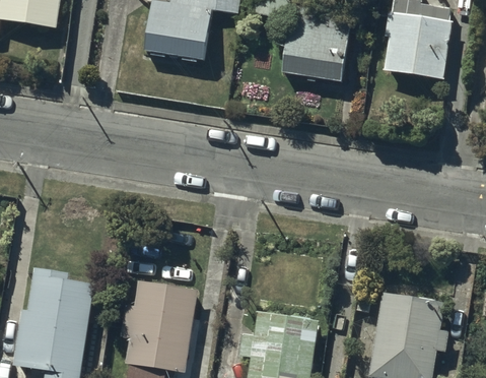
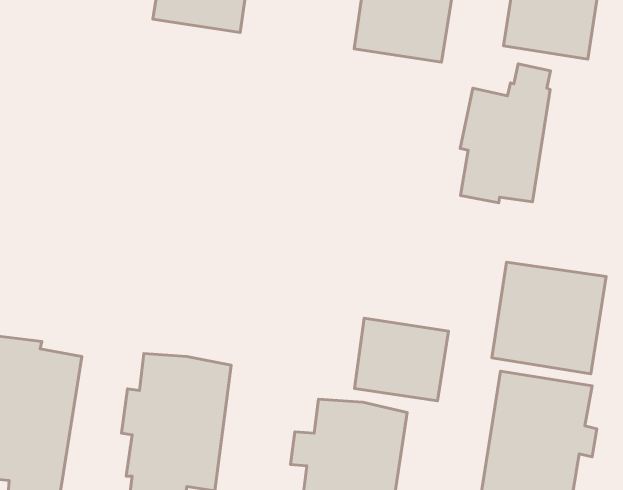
building: none -> [460,64,550,203]
building: none -> [492,262,606,374]
building: none -> [354,318,448,401]

